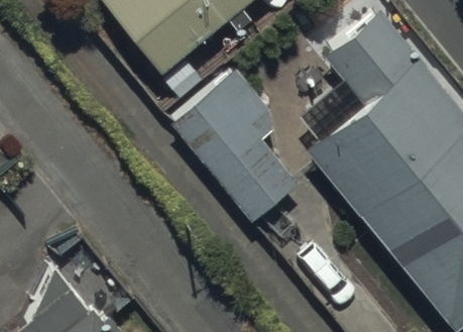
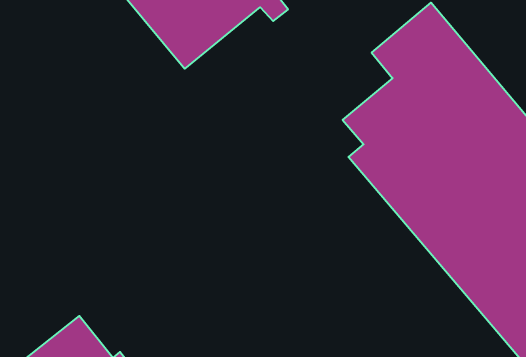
building: [164,64,294,217] -> none

